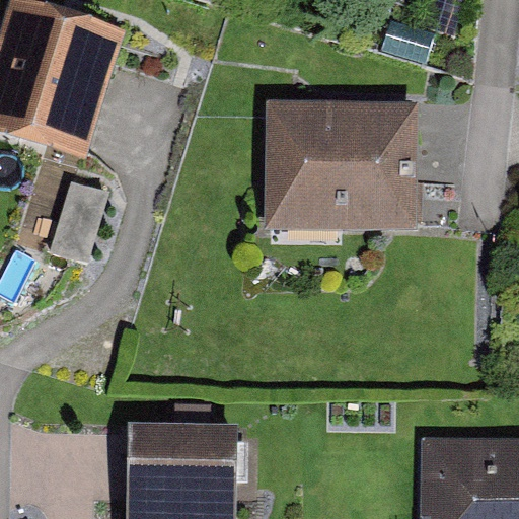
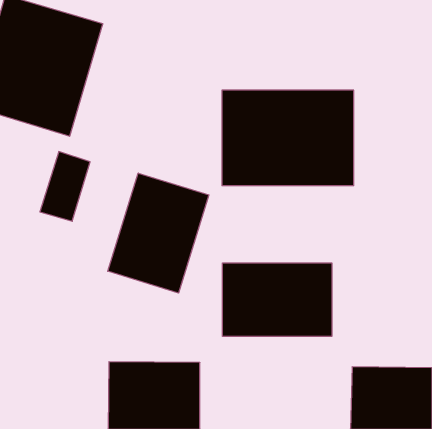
building: none -> [108,173,209,293]
building: none -> [223,263,332,336]

